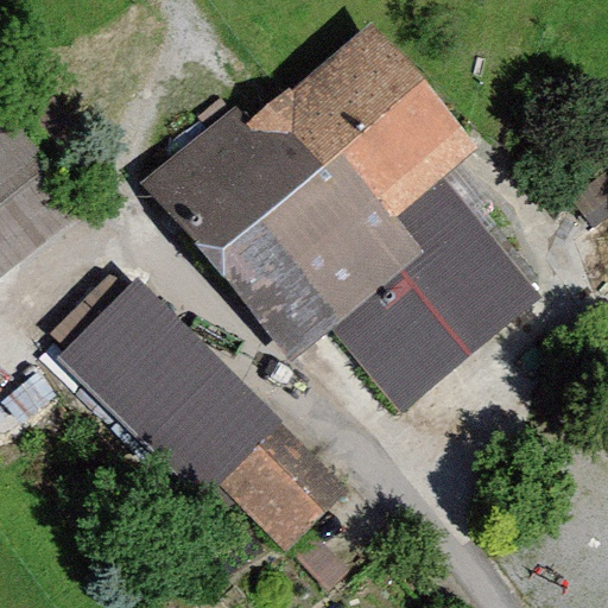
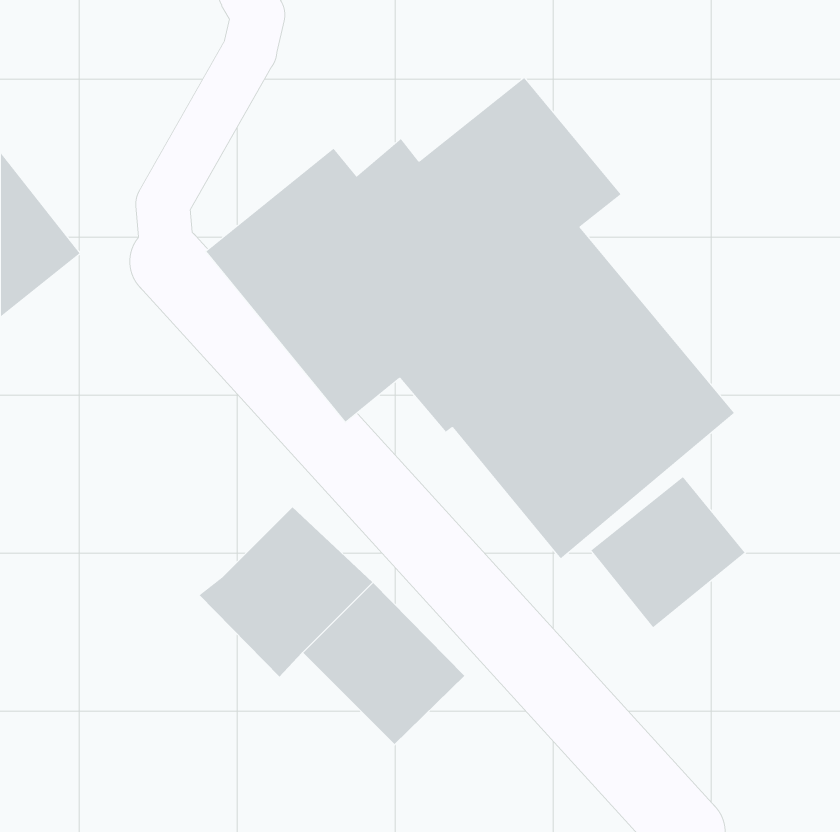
building: [82,277,211,417] -> none
building: none -> [591,476,746,628]

